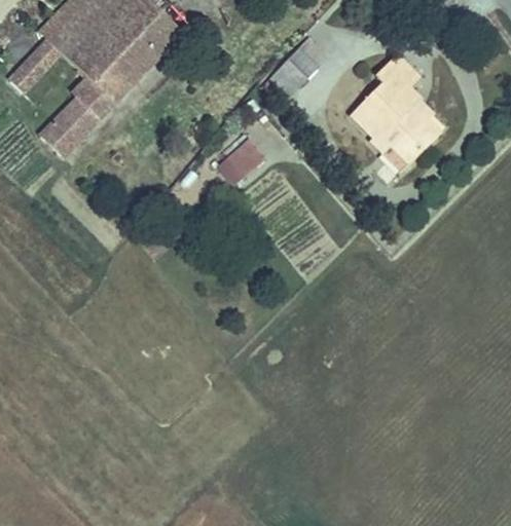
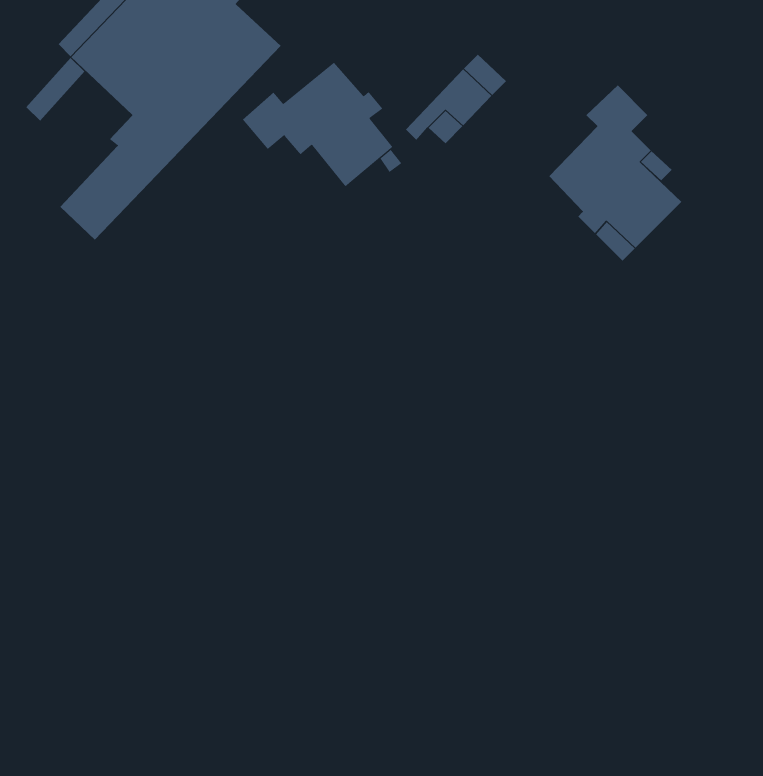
building: none -> [242,62,393,187]
building: [217,136,265,182] -> none

